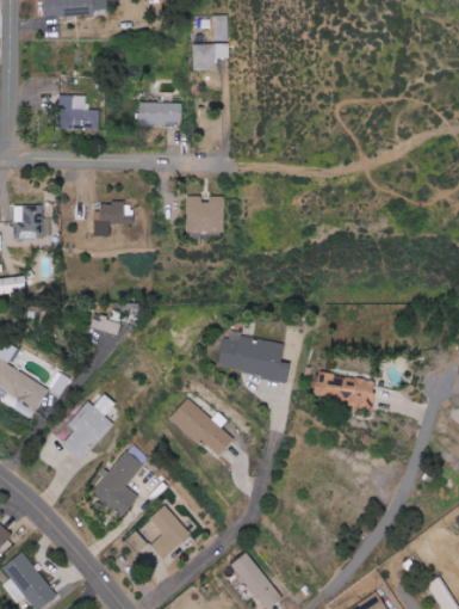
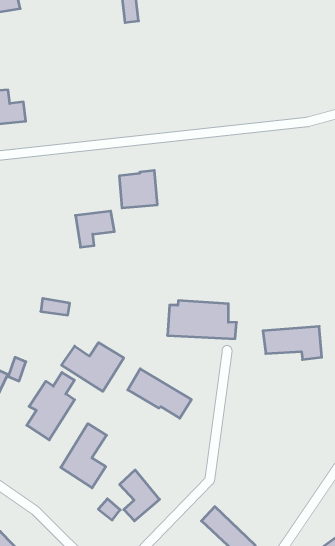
building: [192,43,228,69] -> none
building: [138,103,182,125] -> none
building: [94,203,132,236] -> [75,211,114,247]
building: none -> [62,343,124,391]

